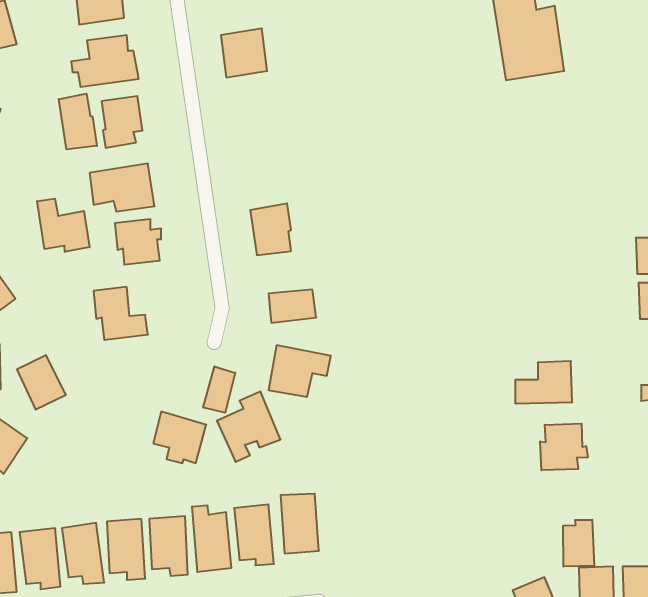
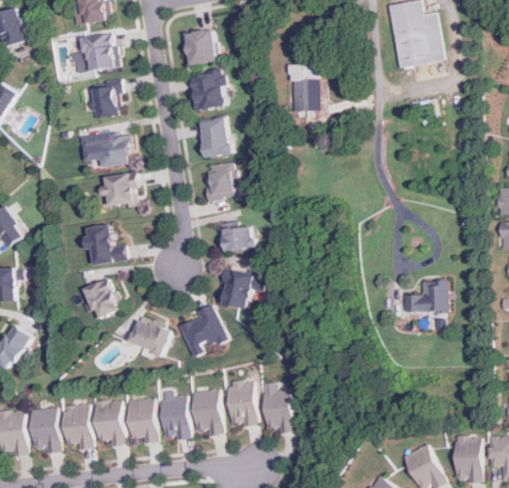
building: none -> [289,63,317,110]
building: none -> [191,70,226,109]
building: [59,94,97,149] -> none
building: none -> [198,116,230,157]
building: [37,199,90,252] -> none
building: [17,355,66,409] -> [83,278,120,319]
building: [203,366,235,413] -> none
building: [540,424,588,470] -> none
building: none -> [262,382,292,433]
building: [563,520,594,567] -> none

